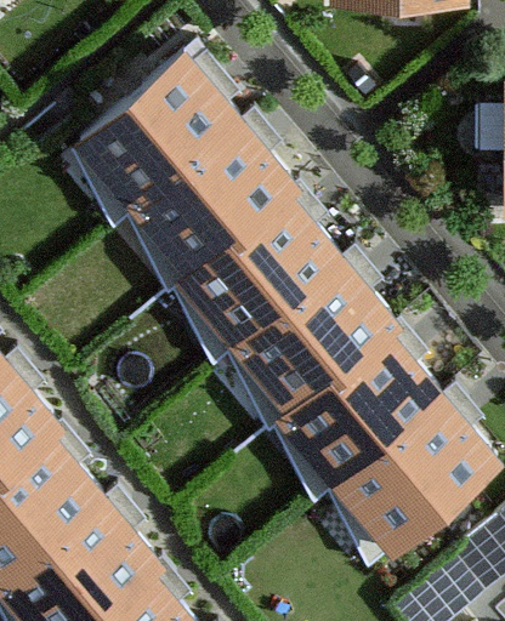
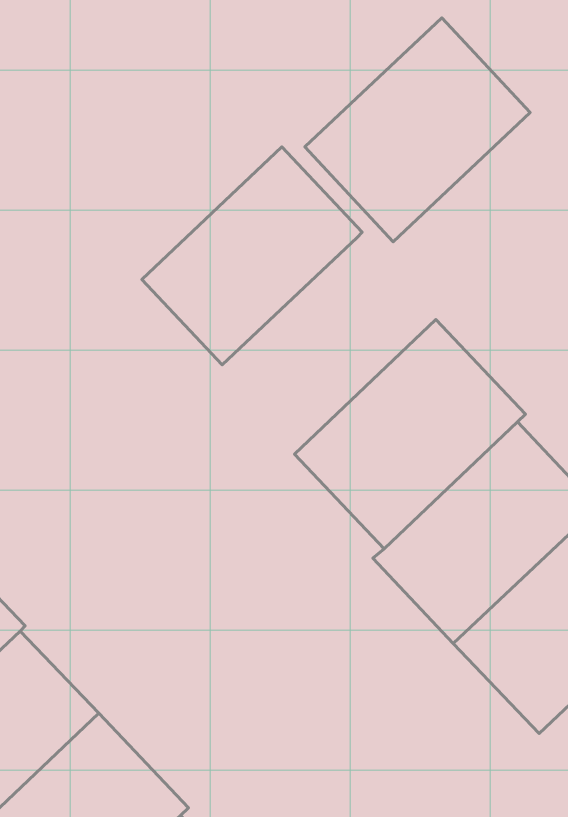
building: none -> [305,18,530,242]
building: [101,70,257,218] -> none
building: [199,200,357,349] -> none

